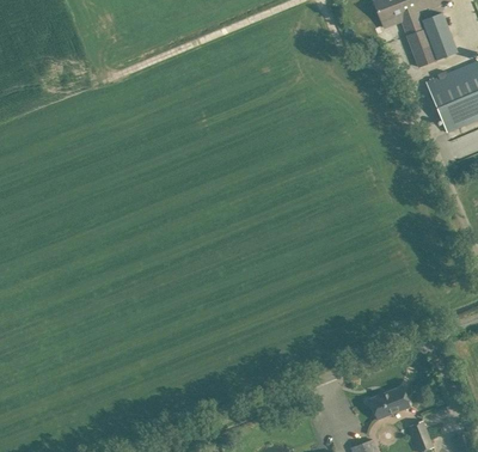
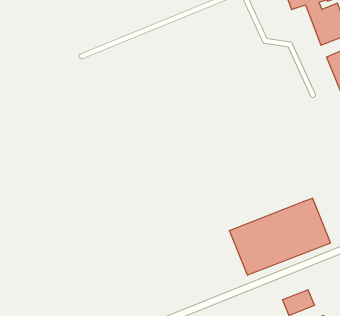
building: none -> [229,198,330,275]

